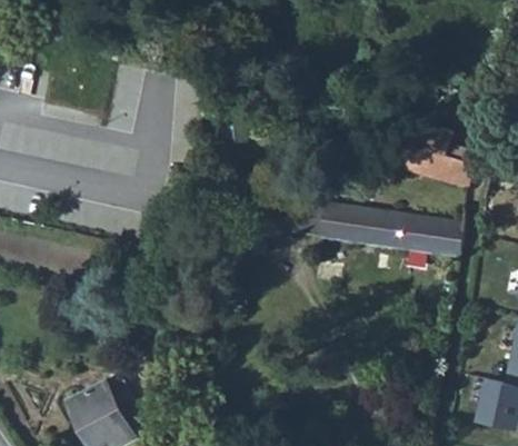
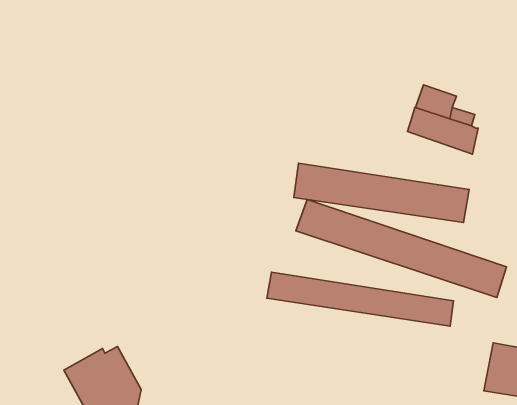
building: none -> [296,199,506,298]
building: none -> [267,272,453,326]

